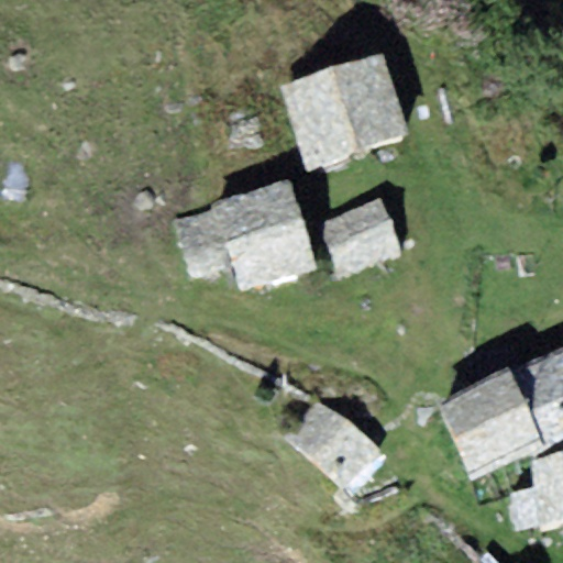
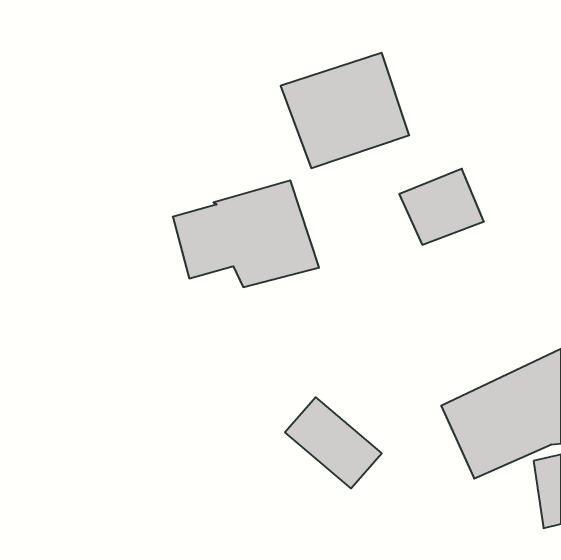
building: [320,198,405,274] -> [399,169,484,245]

